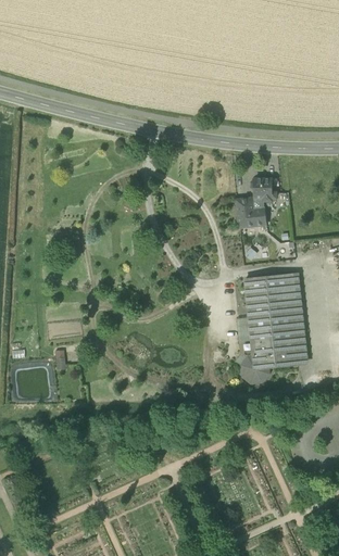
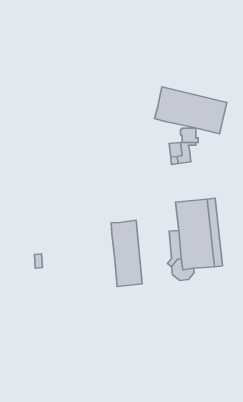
building: none -> [154,87,227,134]
building: none -> [111,220,142,286]

